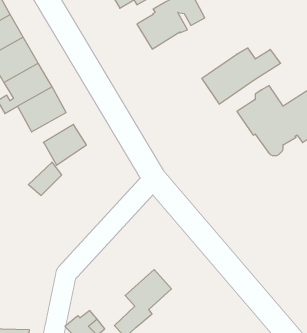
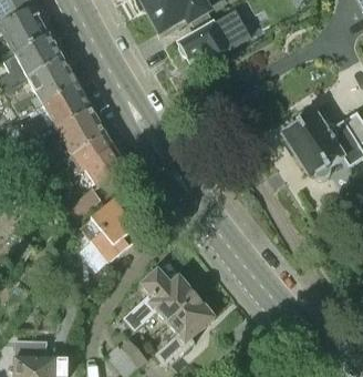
building: [202,48,281,104] -> none
building: none -> [59,134,114,176]
building: none -> [80,198,136,262]
building: none -> [124,268,197,329]

